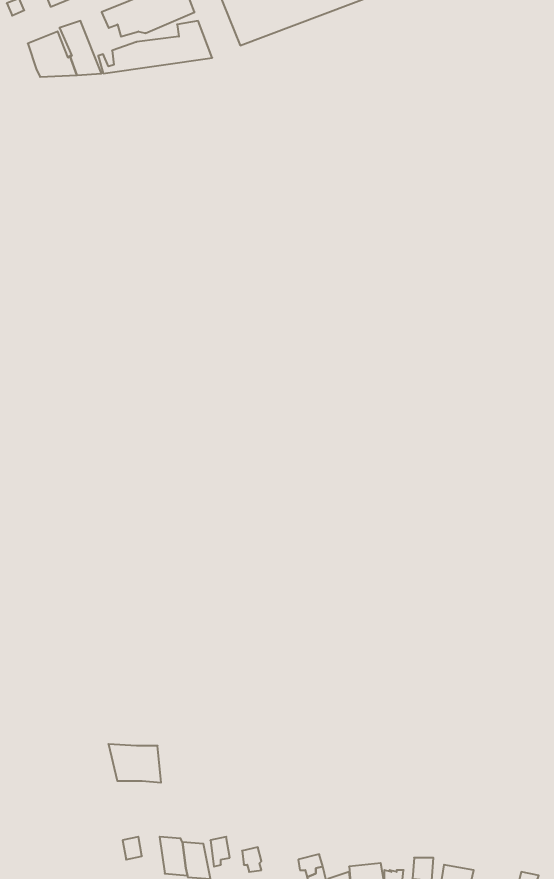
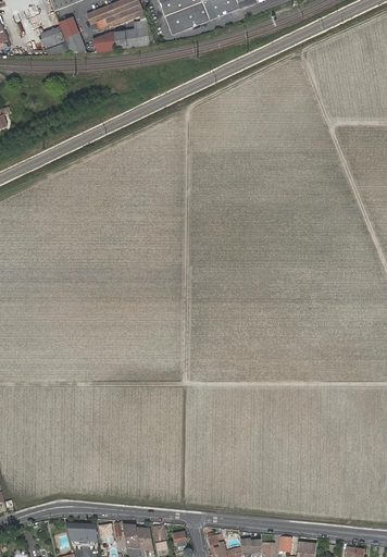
building: [108,744,161,783] -> [65,522,98,546]

